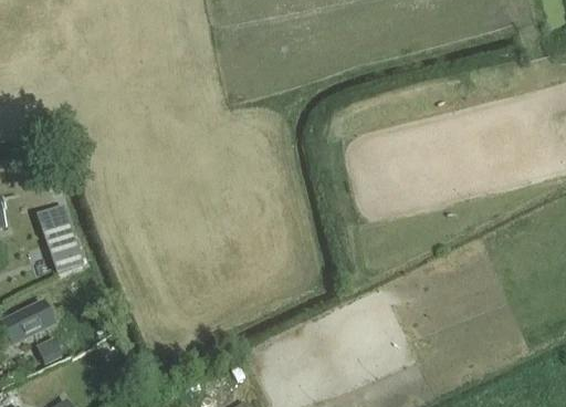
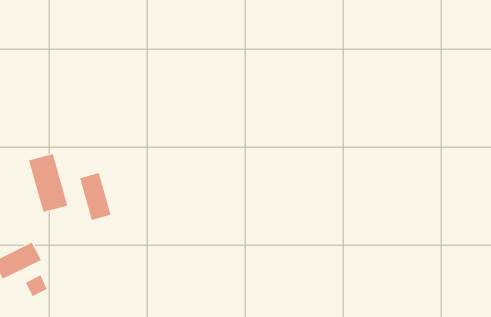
building: none -> [79,172,111,221]

